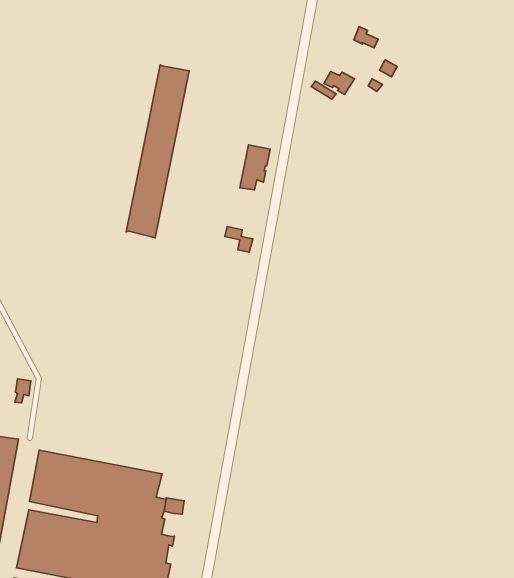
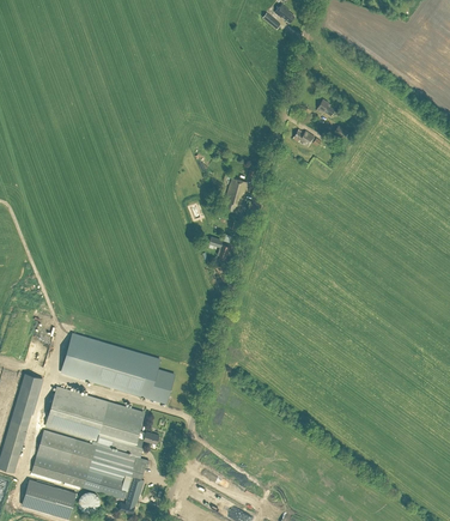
building: [126,65,189,238] -> none
building: none -> [60,332,175,404]

